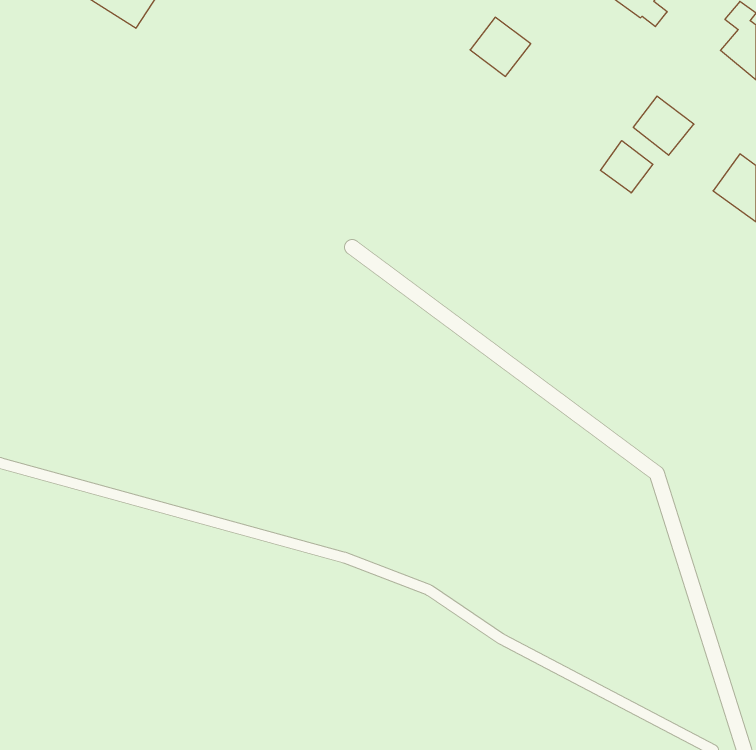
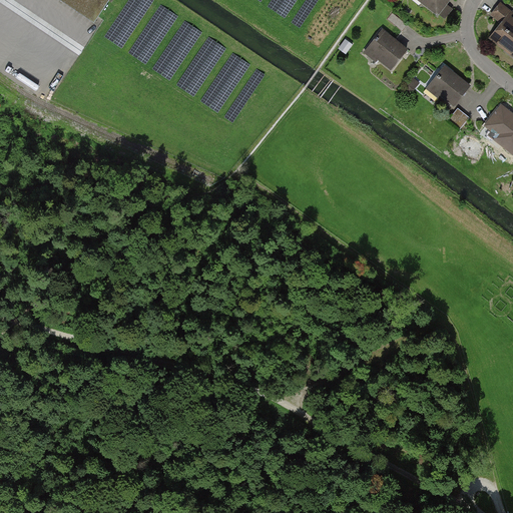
building: [470,17,531,76] -> [368,29,409,69]
building: [600,141,653,193] -> none

